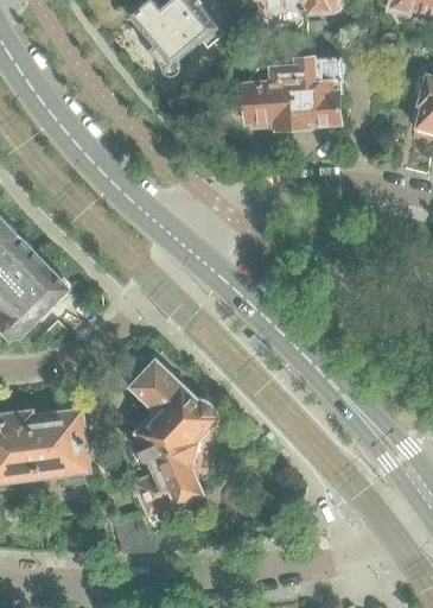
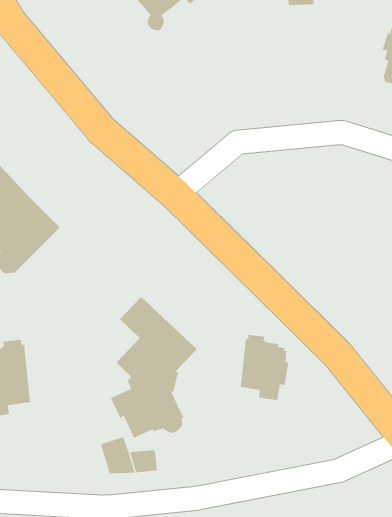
building: [231,57,344,127] -> none
building: none -> [240,334,289,401]
building: [32,405,93,481] -> none

